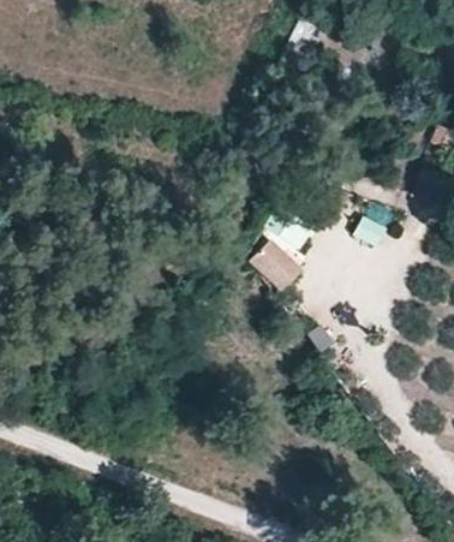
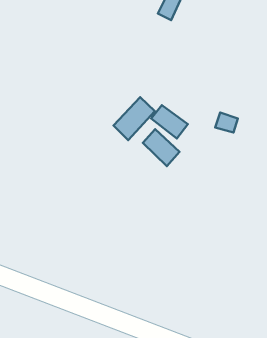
building: none -> [114,97,155,140]

